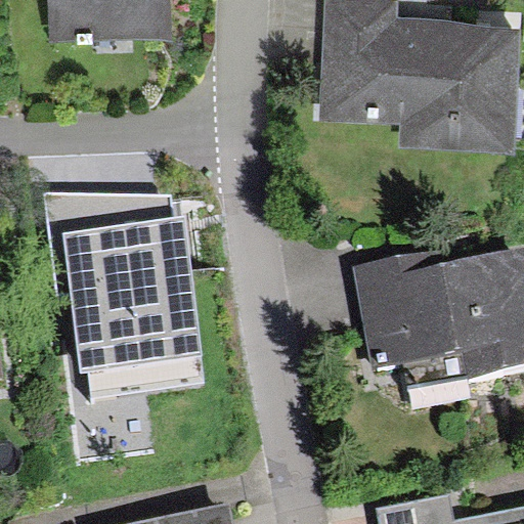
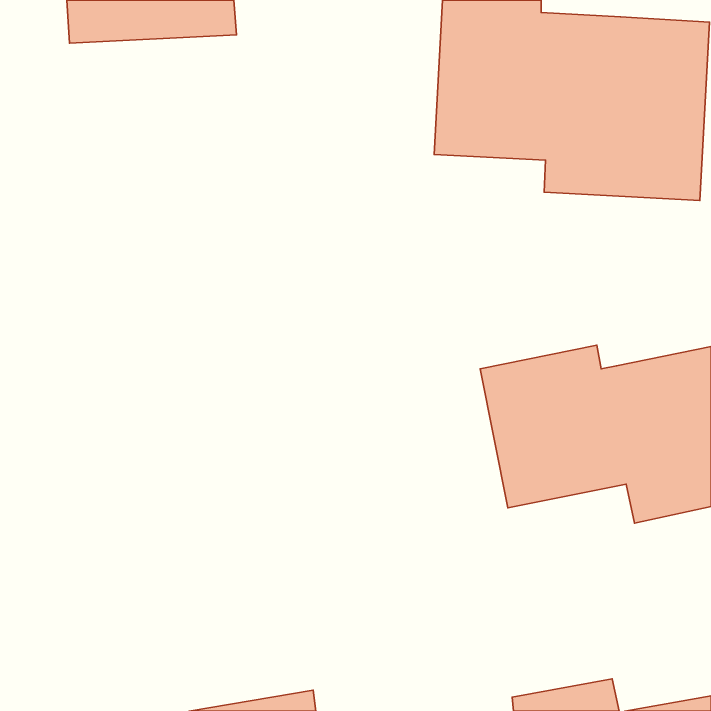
building: [63,207,180,391] -> none

